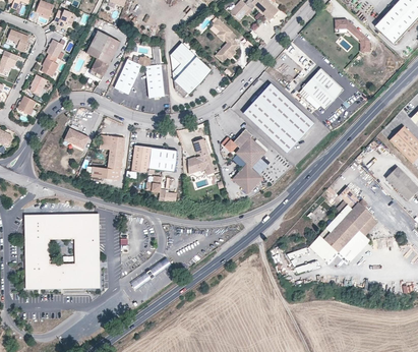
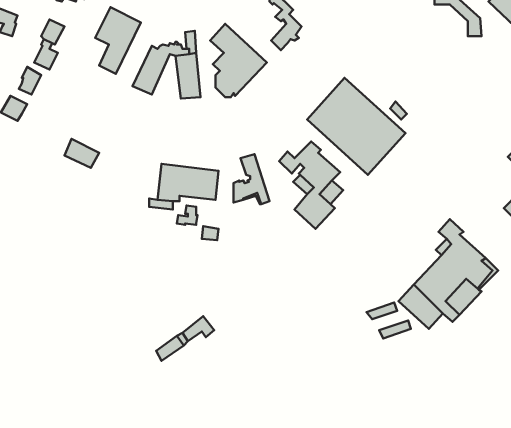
building: [302,67,343,108] -> none
building: [92,133,125,178] -> none
building: [27,216,98,286] -> none

